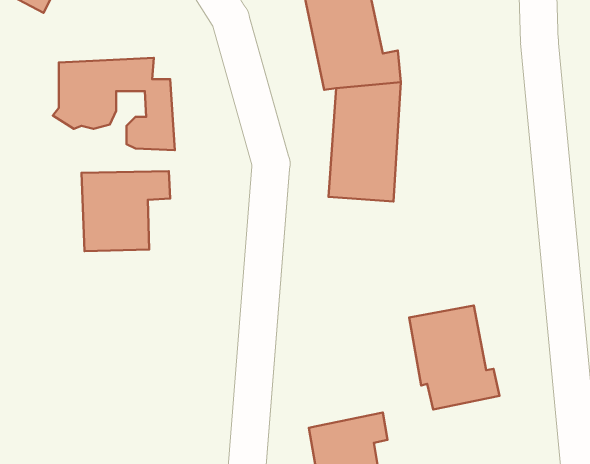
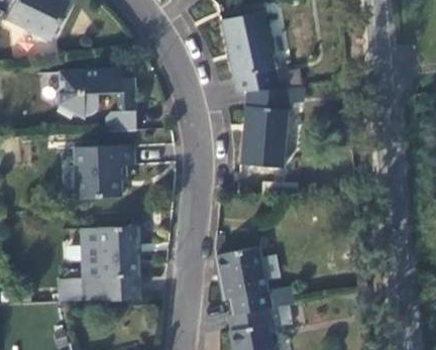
building: none -> [59,227,139,303]
building: [409,305,500,410] -> [216,246,277,316]

